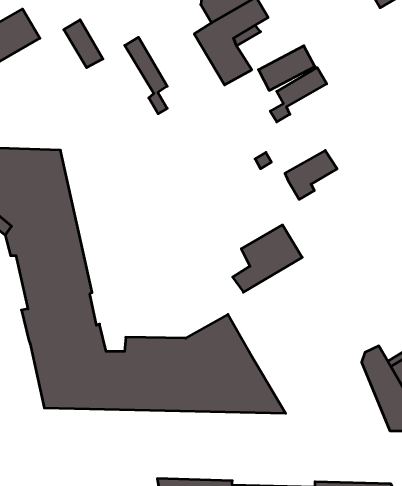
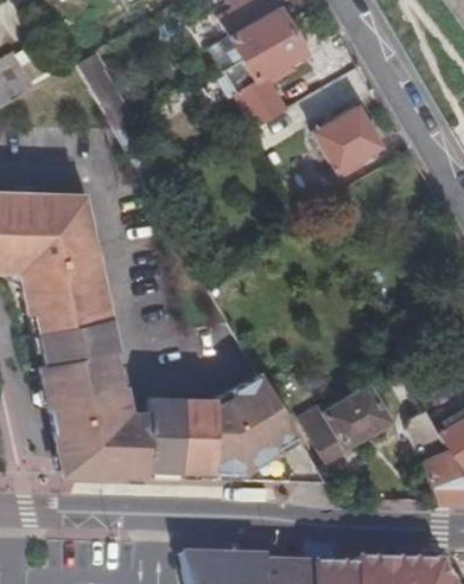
building: [125,37,167,114] -> none
building: [285,150,337,199] -> [326,122,383,175]
building: [233,225,302,292] -> [313,383,389,456]

